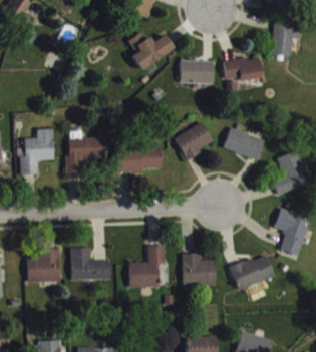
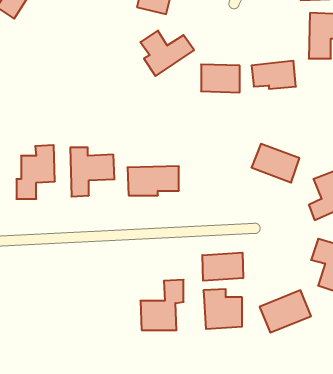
building: [173,122,214,159] -> none
building: none -> [202,253,243,281]
building: [71,248,110,280] -> none
building: [27,249,59,282] -> none

